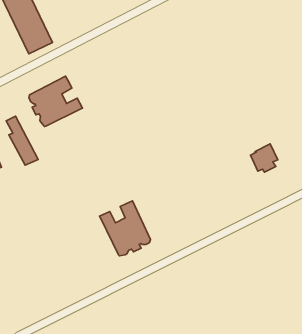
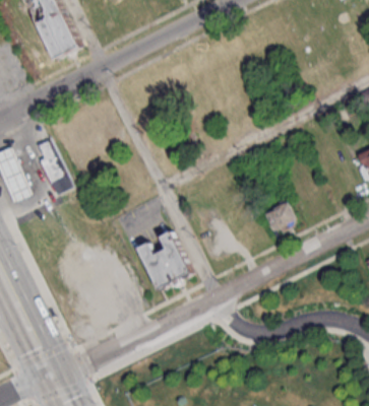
building: [29,76,83,126] -> none
building: [250,144,278,172] -> [265,201,295,231]

